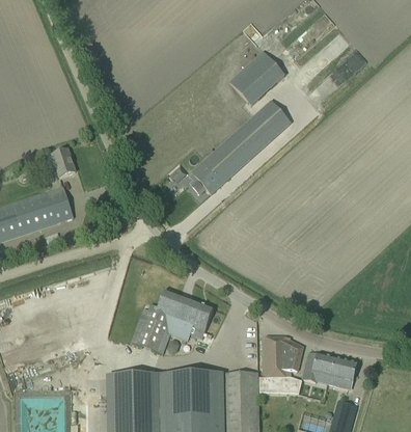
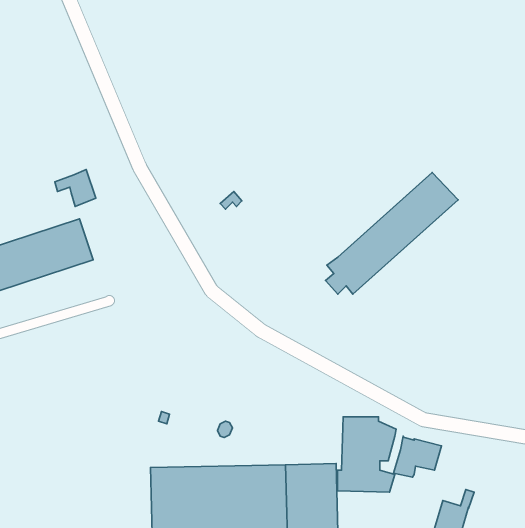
building: [228,50,285,106] -> none
building: [190,101,291,193] -> [326,172,458,294]
building: [131,290,213,354] -> none
building: [330,358,357,389] -> none

